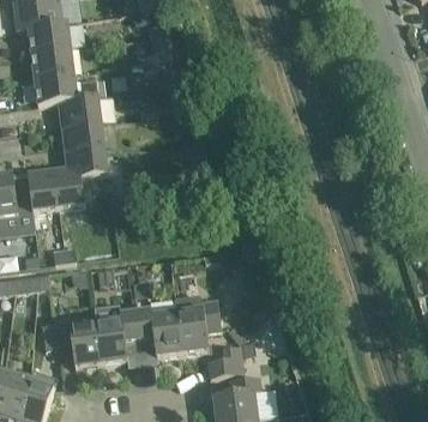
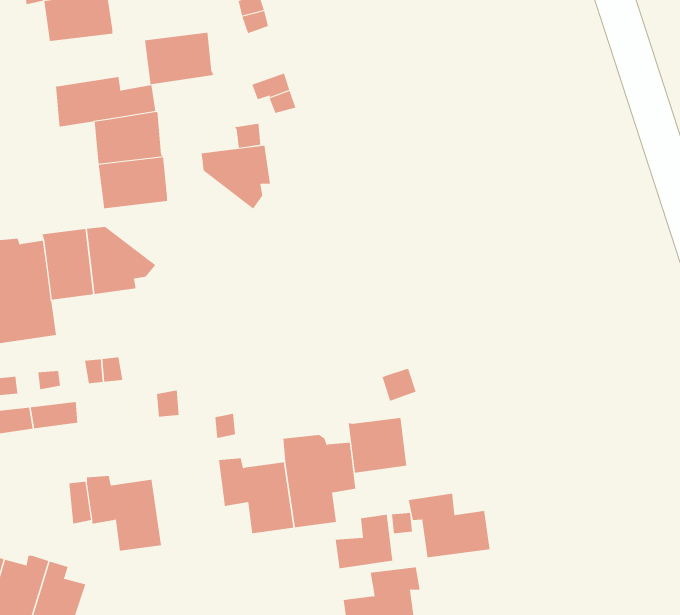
building: [31,48,74,80] -> [144,32,214,85]
building: [65,151,108,191] -> [201,145,271,209]
building: none -> [348,417,407,474]
building: [95,311,139,363] -> none
building: none -> [408,493,490,558]

